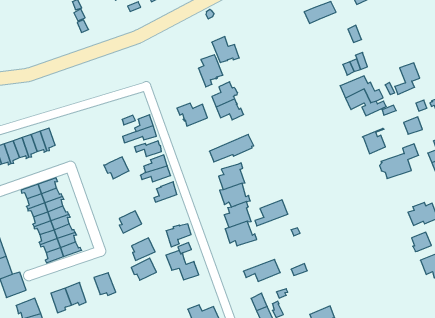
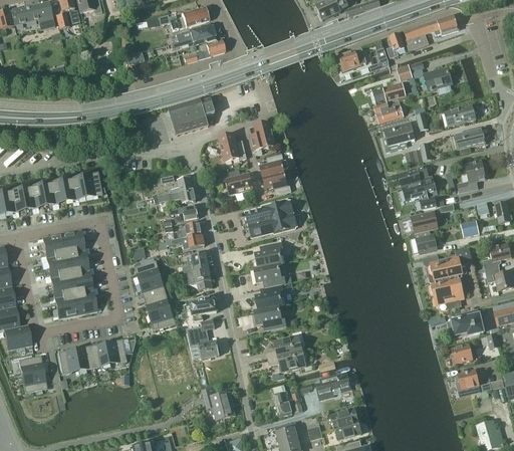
building: none -> [445,104,475,126]
building: none -> [373,99,403,122]
building: none -> [450,125,488,154]
building: none -> [384,122,415,146]
building: [212,37,239,63] -> [219,133,246,160]
building: none -> [169,97,215,135]
building: none -> [411,211,438,232]
building: none -> [245,198,293,224]
building: none -> [81,172,102,196]
building: [104,157,129,179] -> [135,260,161,282]
building: none -> [429,275,463,307]
building: none -> [184,265,212,289]
building: [255,200,288,226] -> [266,333,302,358]
building: [131,258,156,280] -> [145,291,171,313]
building: none -> [315,372,349,398]
building: none -> [90,342,110,367]

